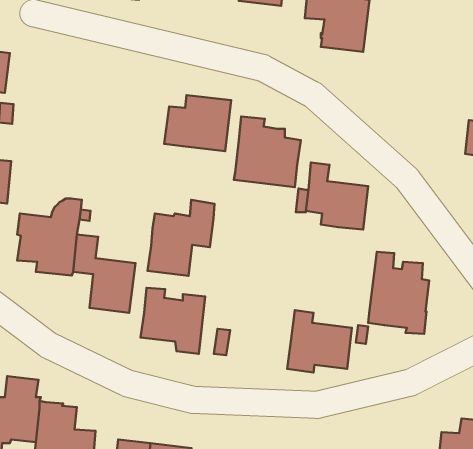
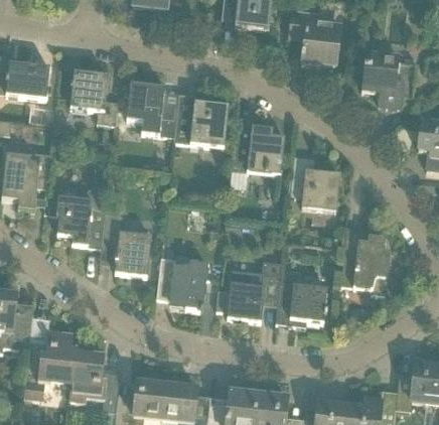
building: none -> [361,52,417,108]
building: none -> [70,72,118,125]
building: none -> [127,83,179,140]
building: [147,200,215,276] -> [228,260,282,321]

